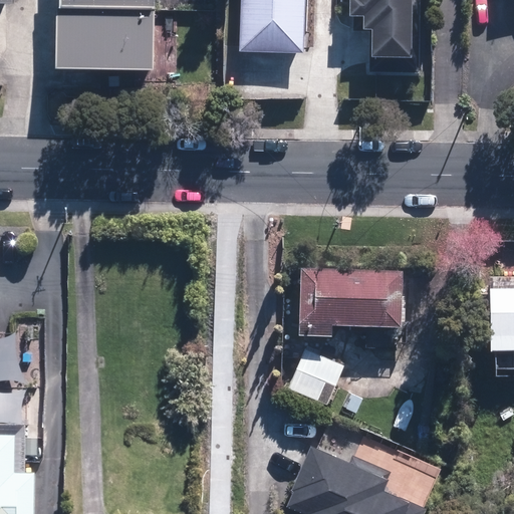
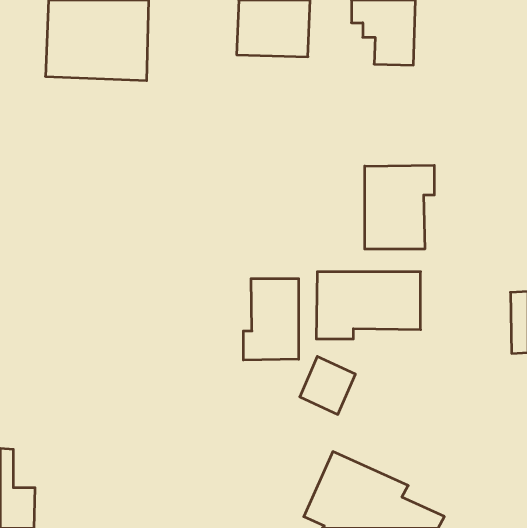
building: none -> [365,165,434,249]
building: none -> [243,279,299,360]

